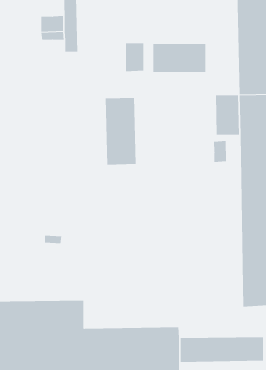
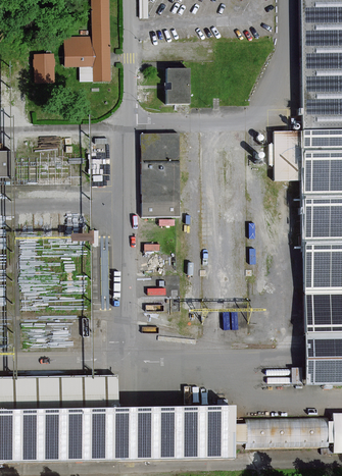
building: none -> [35,54,54,83]
building: [153,43,206,73] -> none
building: [213,140,227,163] -> none

